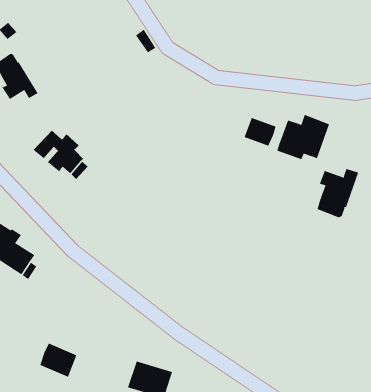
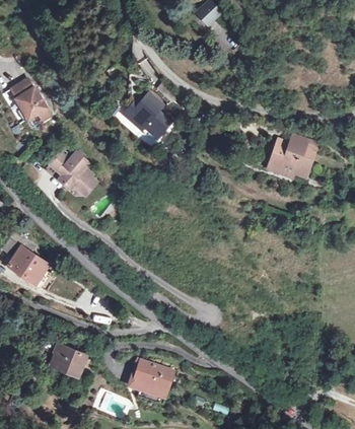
building: none -> [123,93,173,139]
building: [244,117,276,146] -> none
building: [317,168,359,218] -> none

